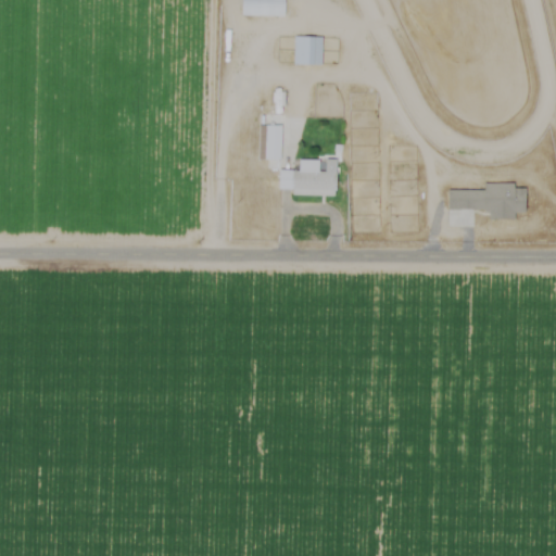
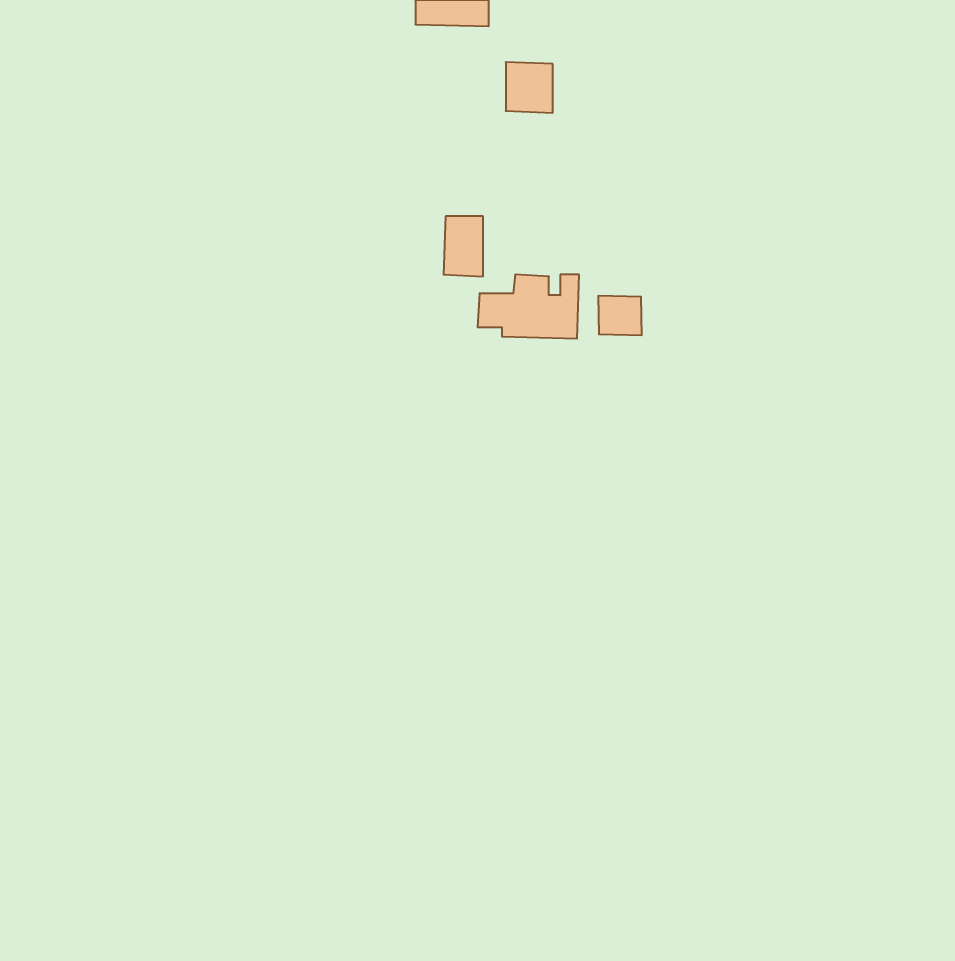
building: none -> [598,296,642,335]
building: [448,182,527,219] -> none

